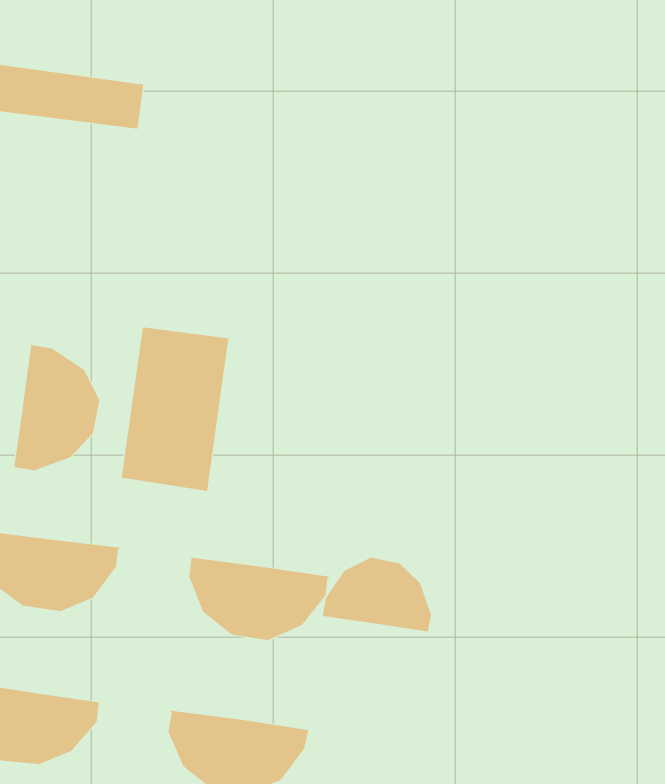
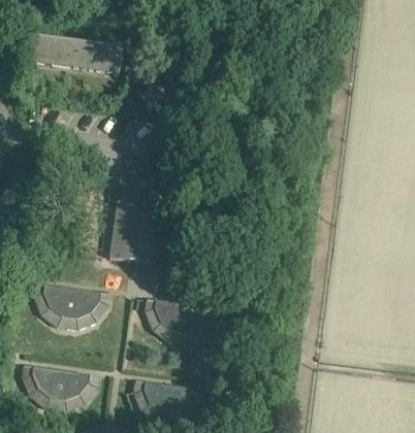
building: [14,344,100,471] -> none
building: [322,557,432,632] -> none

